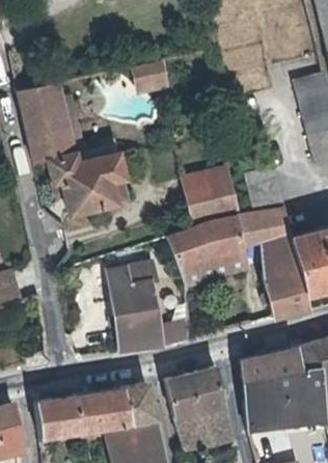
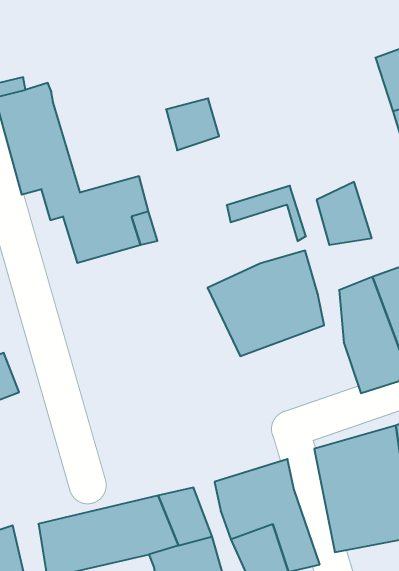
building: [132,60,169,97] -> [166,98,219,150]
building: [185,181,233,217] -> none
building: [239,211,291,249] -> none
building: [109,266,164,353] -> none

